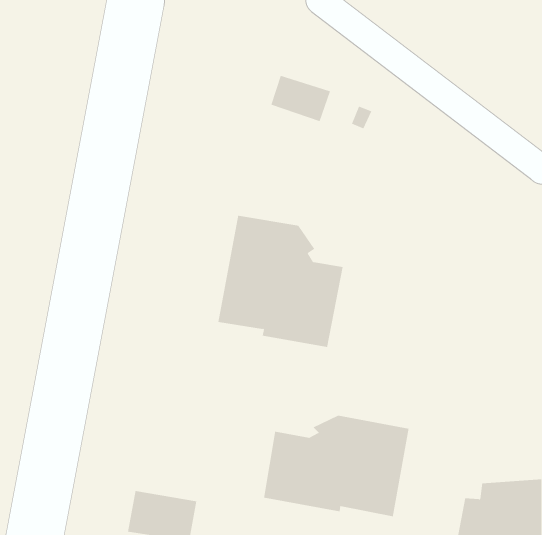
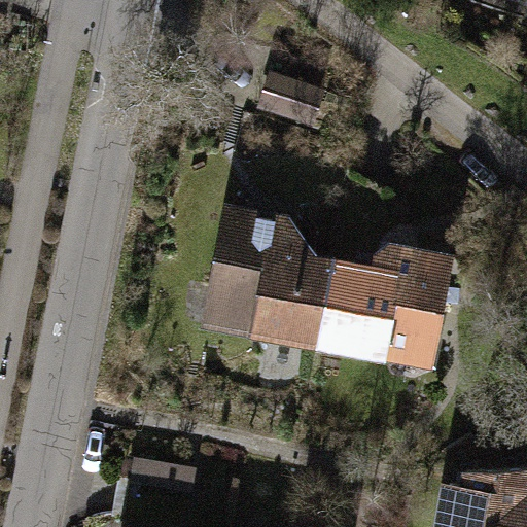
building: none -> [318,253,449,363]
building: [264,415,409,517] -> none

